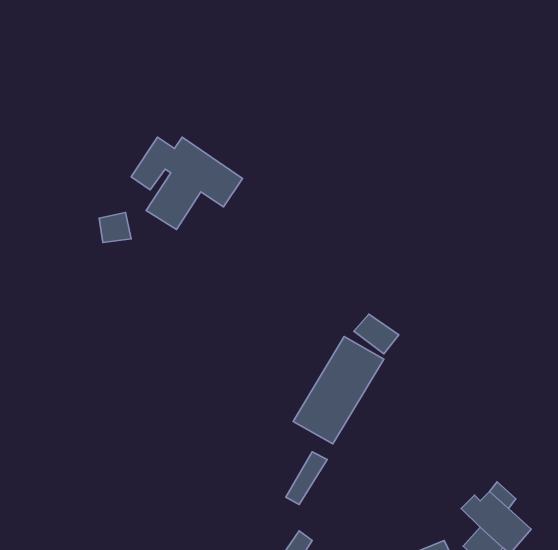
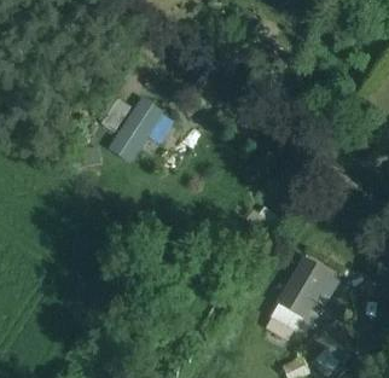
building: [293,337,384,444] -> [273,260,331,328]

